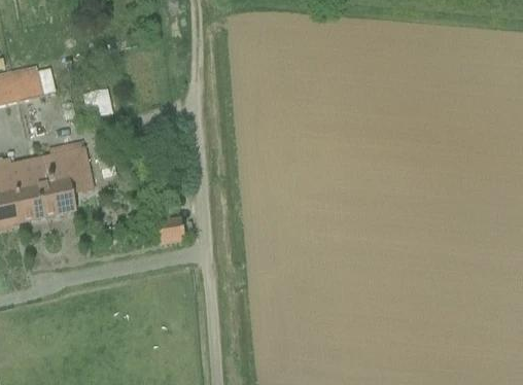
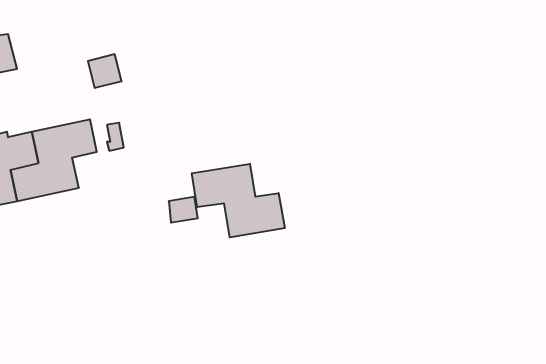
building: [9,63,42,101] -> none
building: none -> [192,164,285,237]

